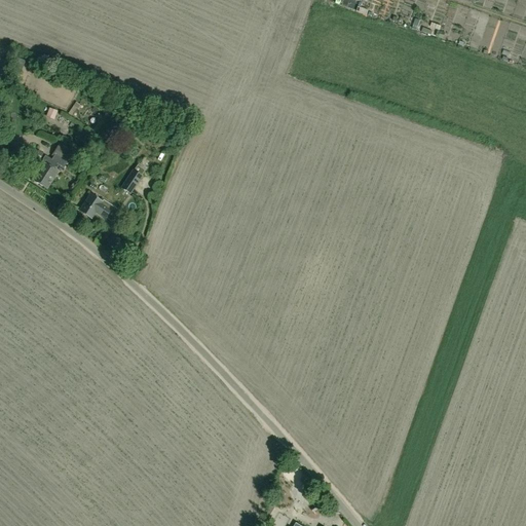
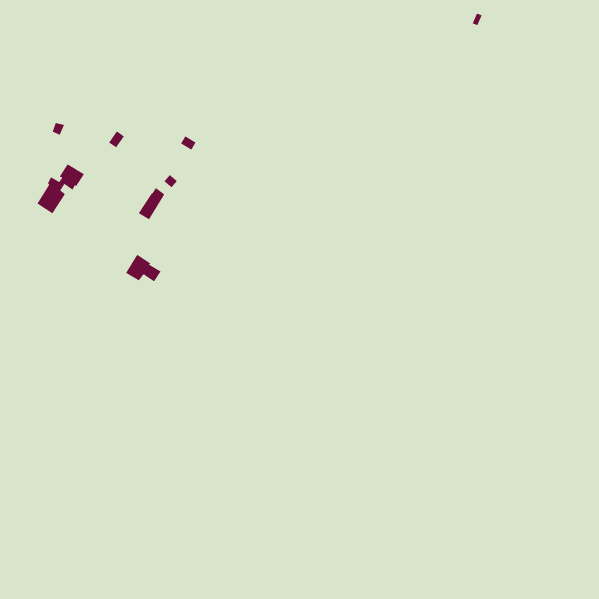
building: [81,192,113,217] -> [125,254,162,282]

